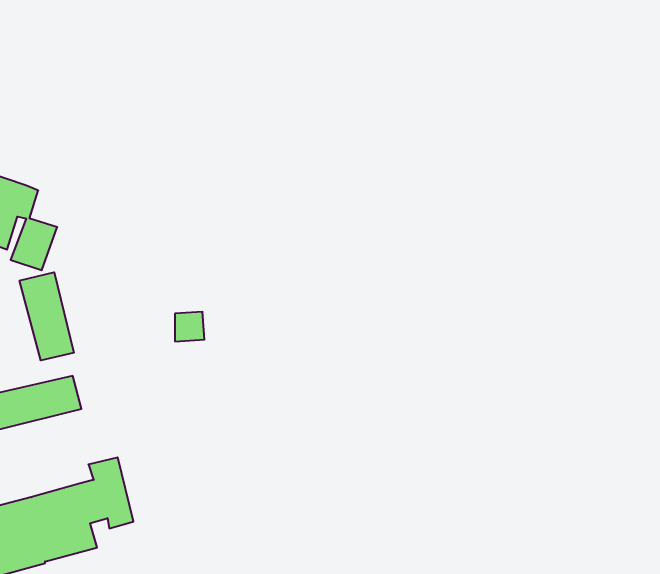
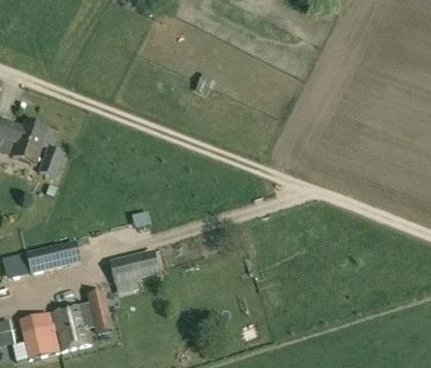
building: [20,272,74,360] -> none
building: none -> [110,250,159,284]

